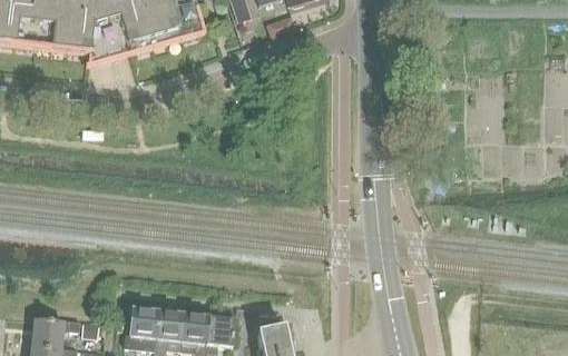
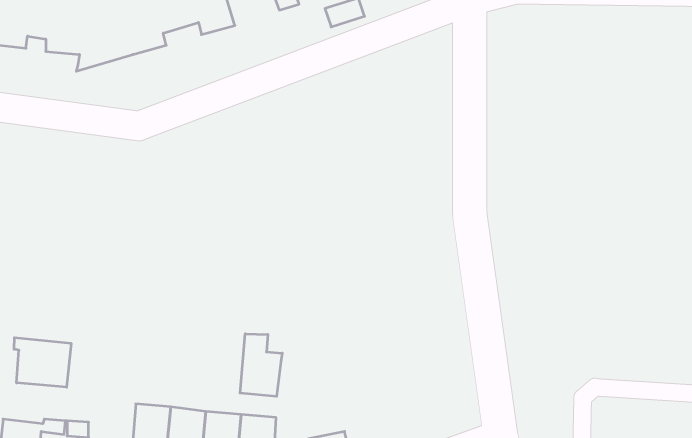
building: none -> [240,334,282,396]
building: none -> [14,338,71,387]

